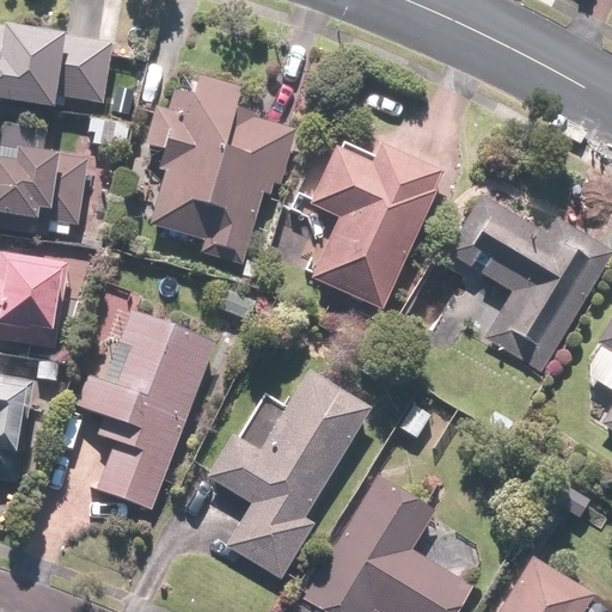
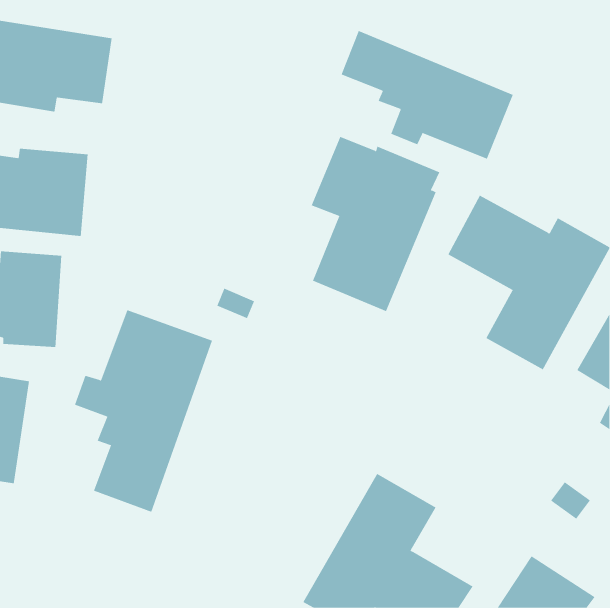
building: none -> [341,30,514,160]
building: [137,73,295,268] -> none
building: [208,371,368,581] -> none

